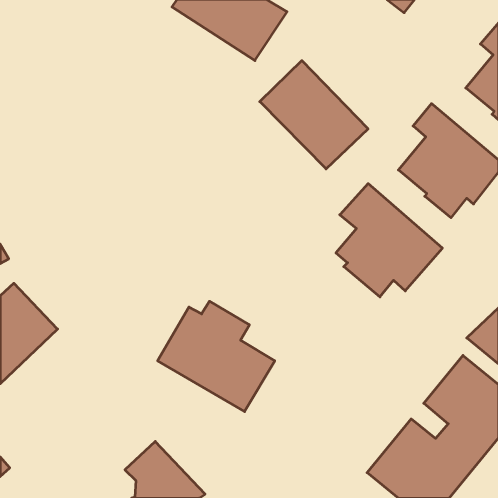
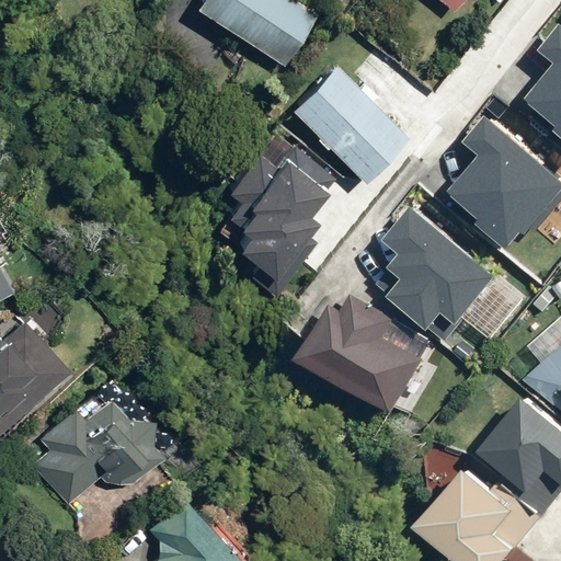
building: none -> [218,129,343,298]
building: [158,301,275,412] -> [293,295,424,419]
building: none -> [26,374,158,504]

